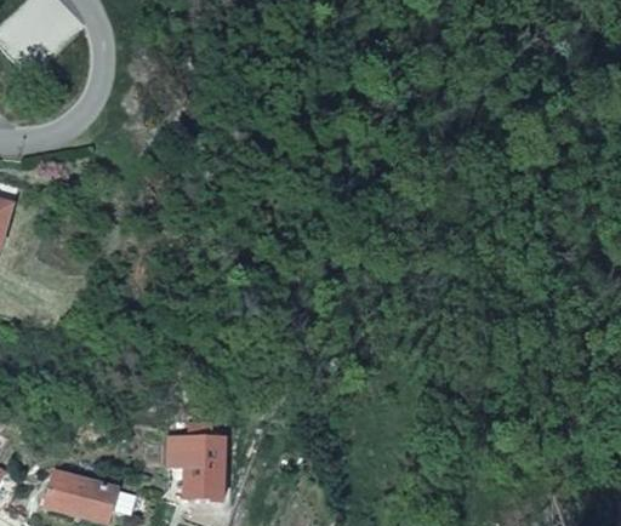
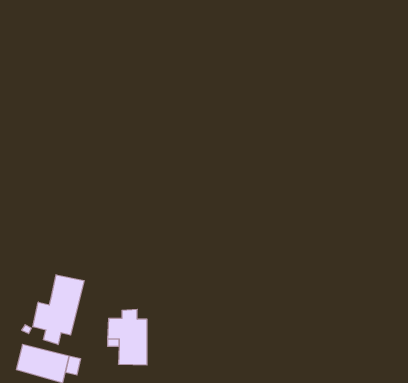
building: none -> [33,275,84,345]

